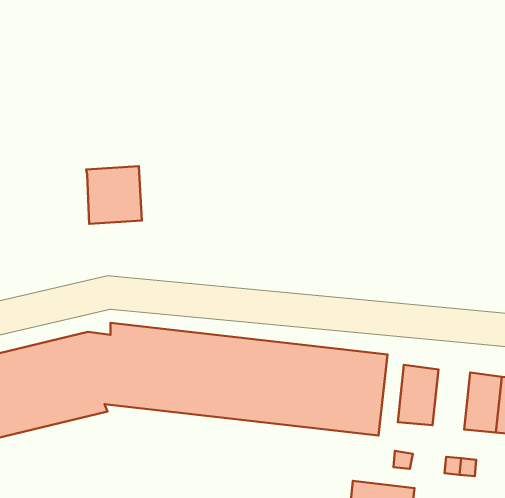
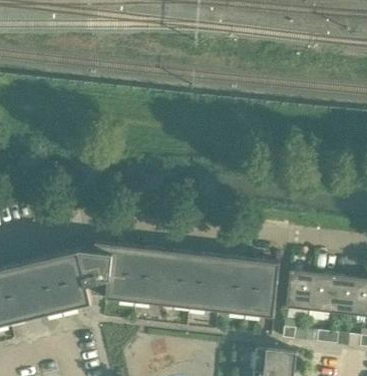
building: [86,166,142,224] -> none
building: none -> [309,273,334,313]

